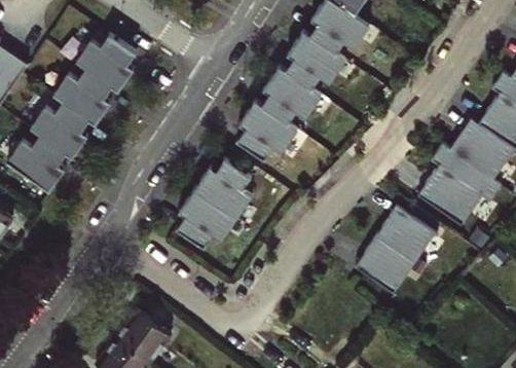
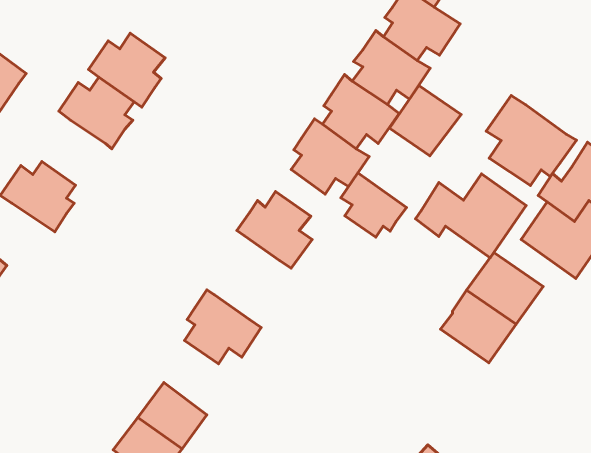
building: none -> [390,86,461,156]
building: none -> [486,96,577,185]
building: [30,102,89,157] -> none
building: none -> [341,173,407,237]
building: none -> [415,174,526,258]
building: [176,189,236,248] -> [185,290,261,364]

